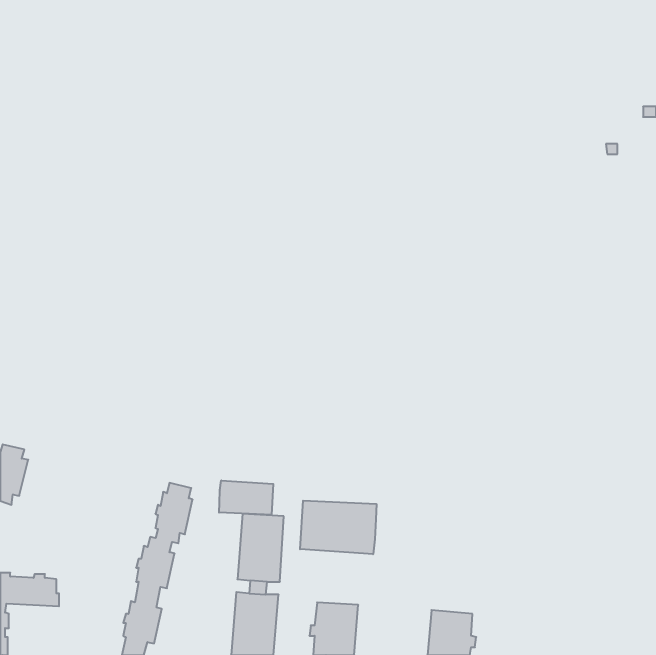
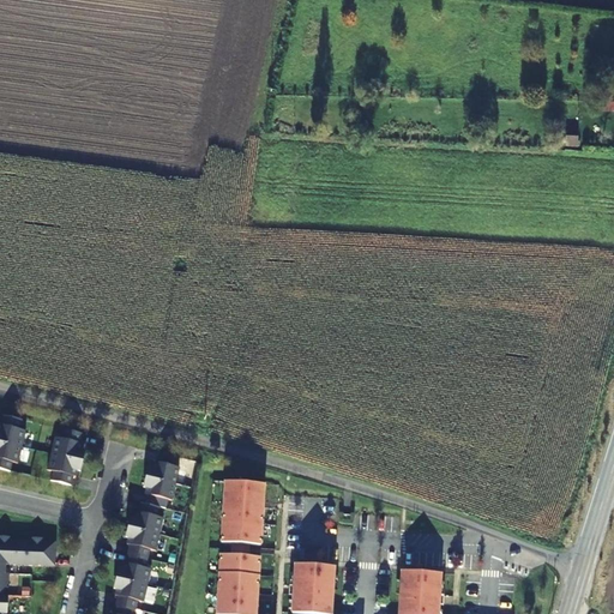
building: none -> [48,429,84,484]
building: [219,480,273,515] -> none
building: [300,501,376,554] -> none

